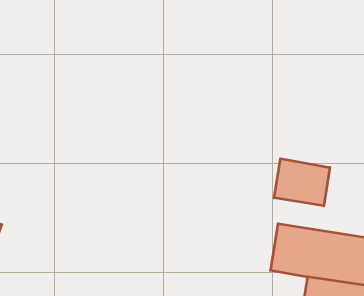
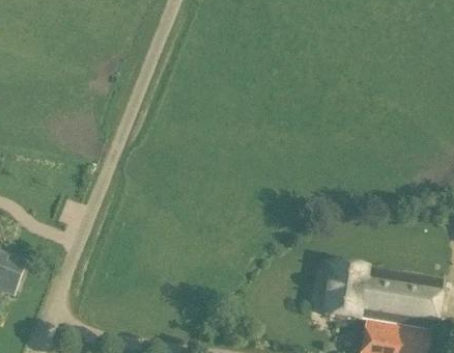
building: [274,159,330,206] -> none

